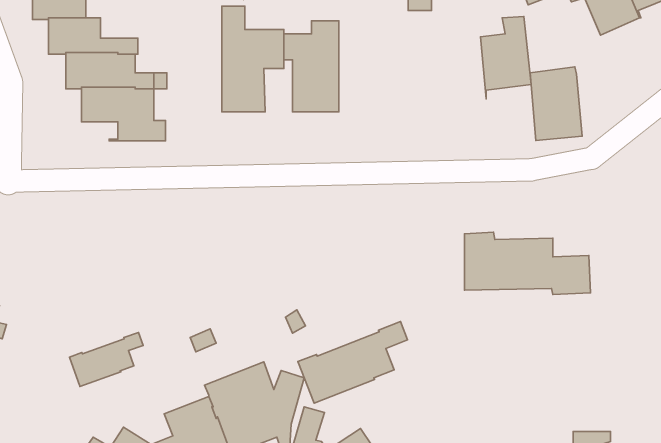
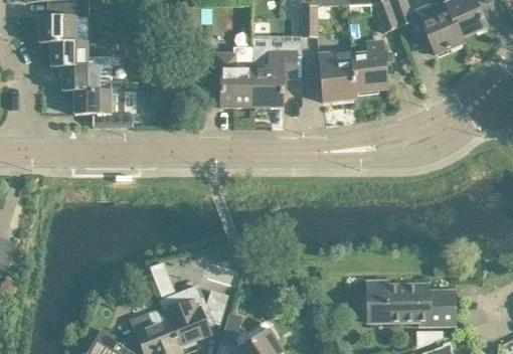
building: [222,6,284,112] -> [252,34,296,108]
building: [530,67,582,141] -> [319,50,355,102]
building: [465,232,590,294] -> [367,282,455,325]
building: [298,322,408,403] -> none
building: [69,332,143,386] -> none

